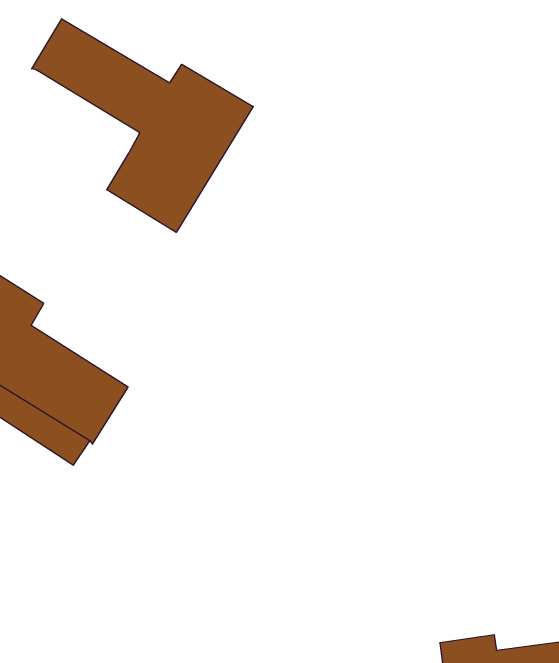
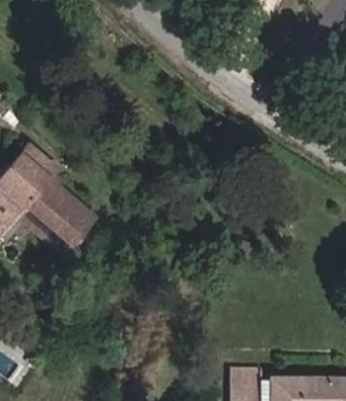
building: [32,19,253,232] -> none

